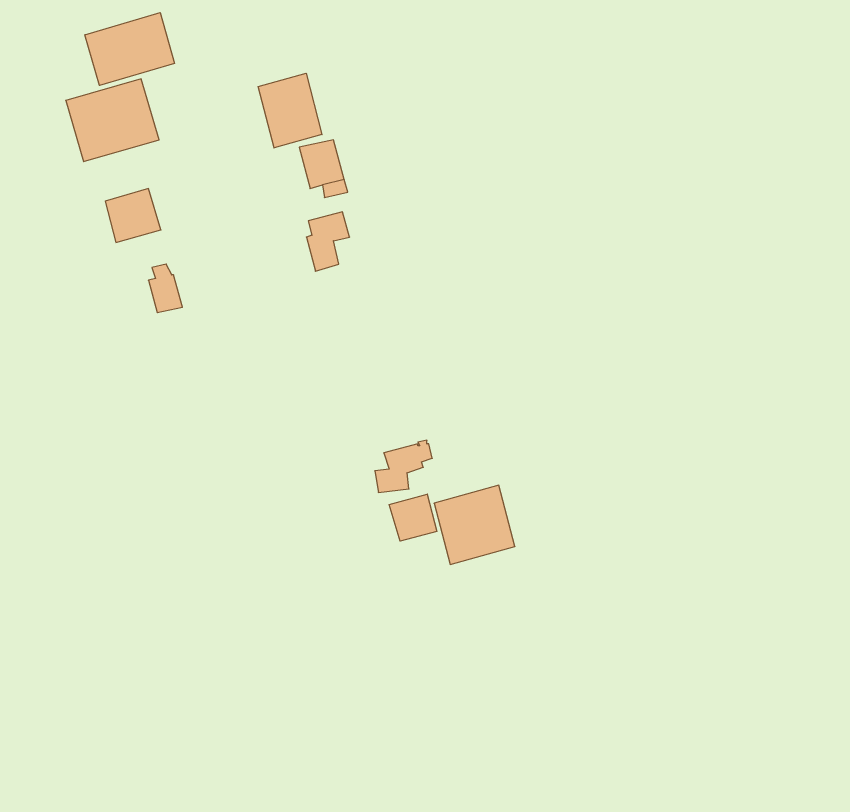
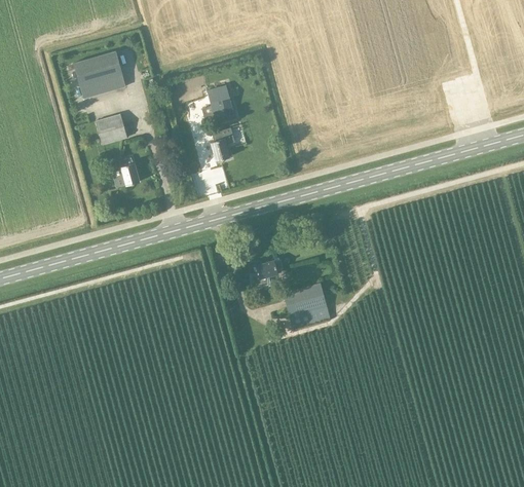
building: [85,13,175,85] -> none
building: [258,73,322,148] -> none
building: [389,494,437,541] -> none

